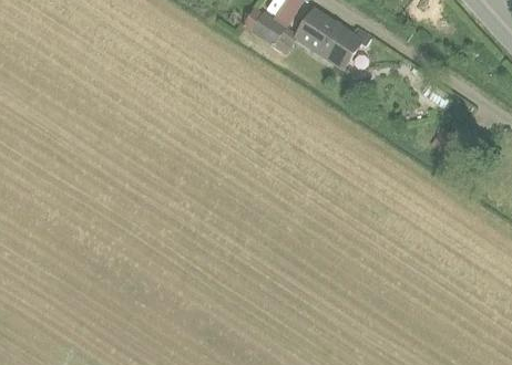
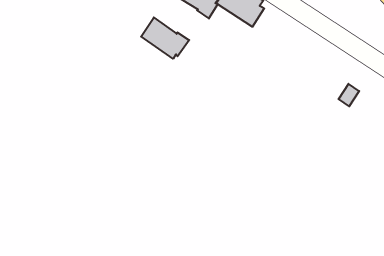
building: none -> [141,17,189,59]

